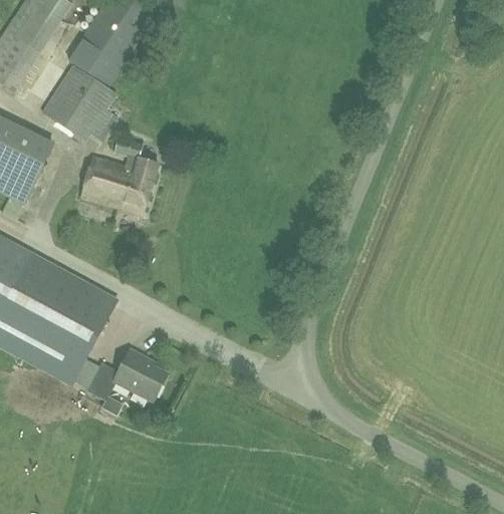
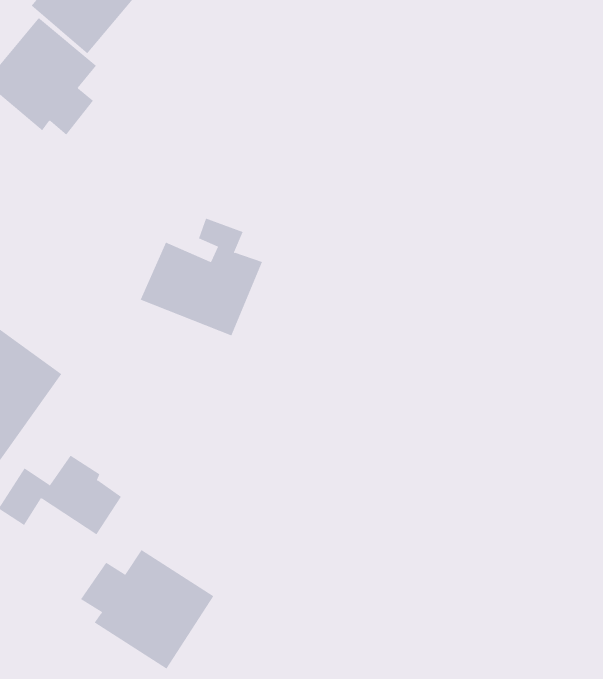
building: [80,138,158,213] -> [140,218,263,336]
building: none -> [80,549,214,669]

